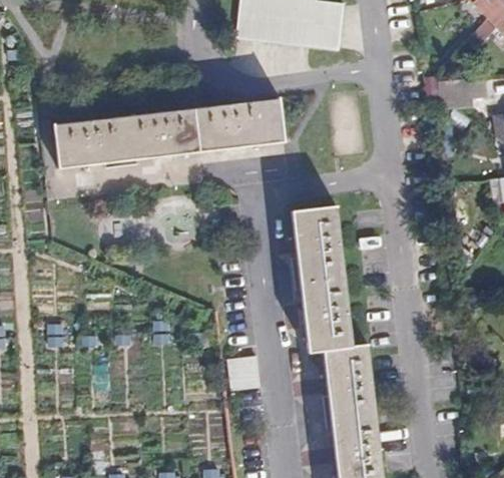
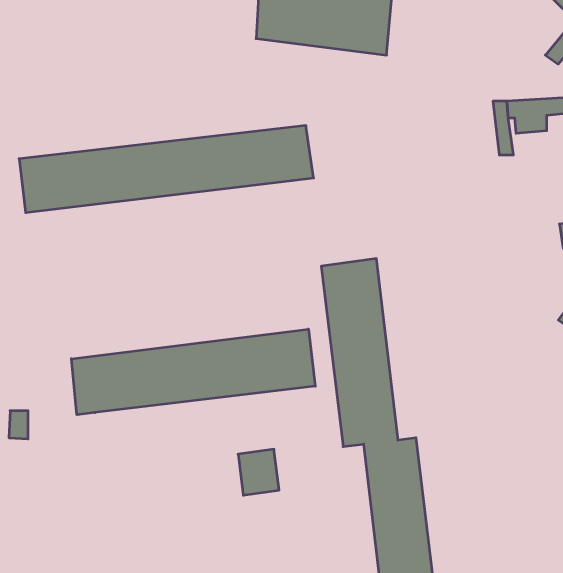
building: none -> [71,329,315,415]

